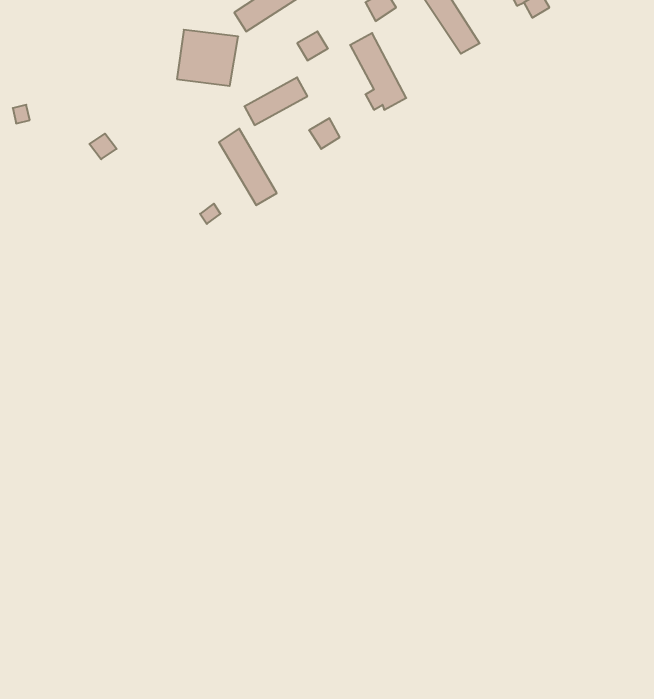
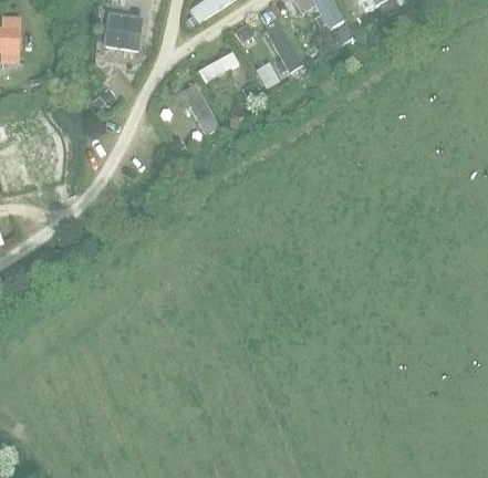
building: [177,30,238,86] -> [101,11,141,48]

